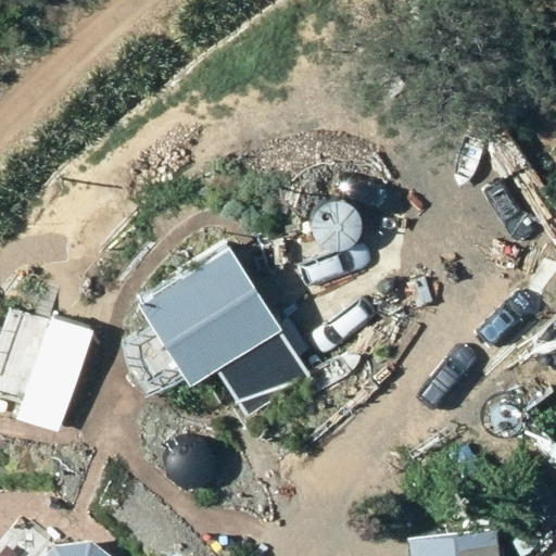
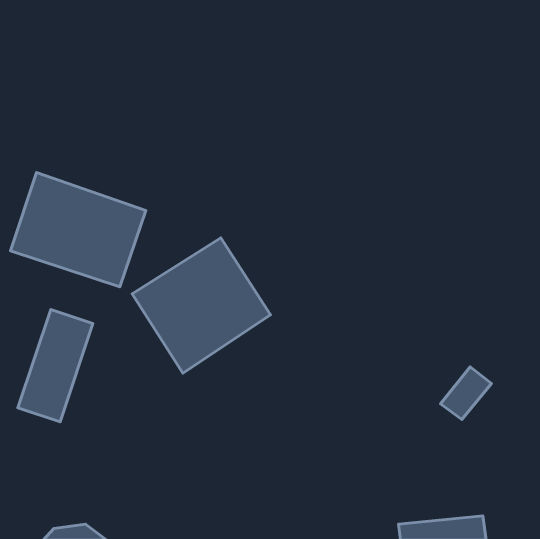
building: none -> [10,173,146,287]

